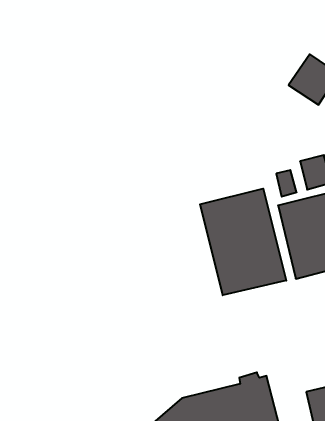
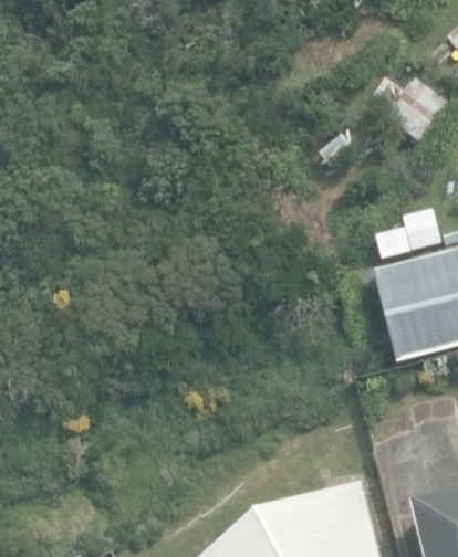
building: [200,189,286,295] -> none

